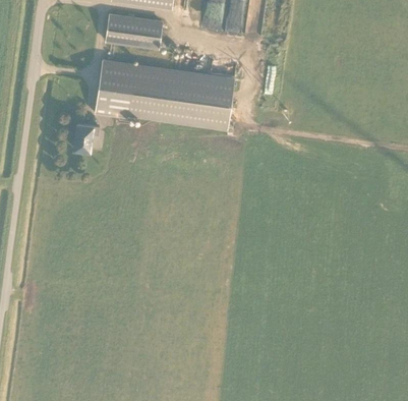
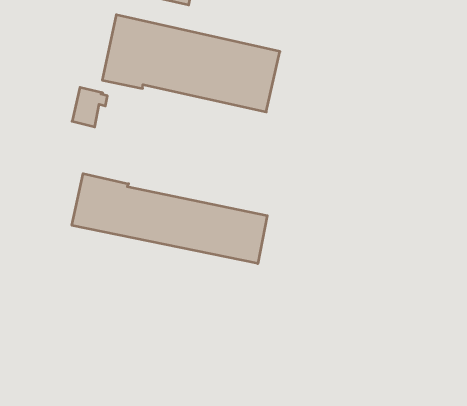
building: none -> [72,174,267,264]

